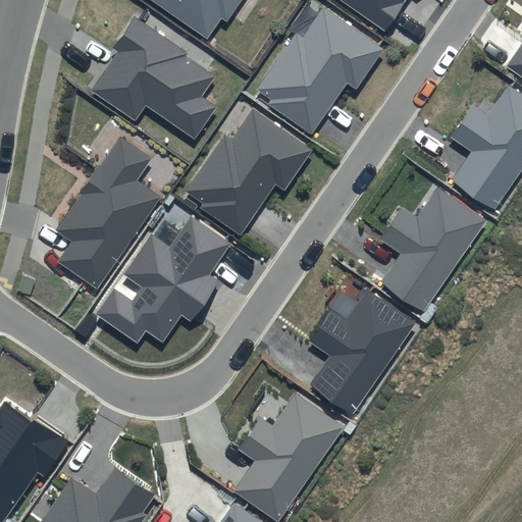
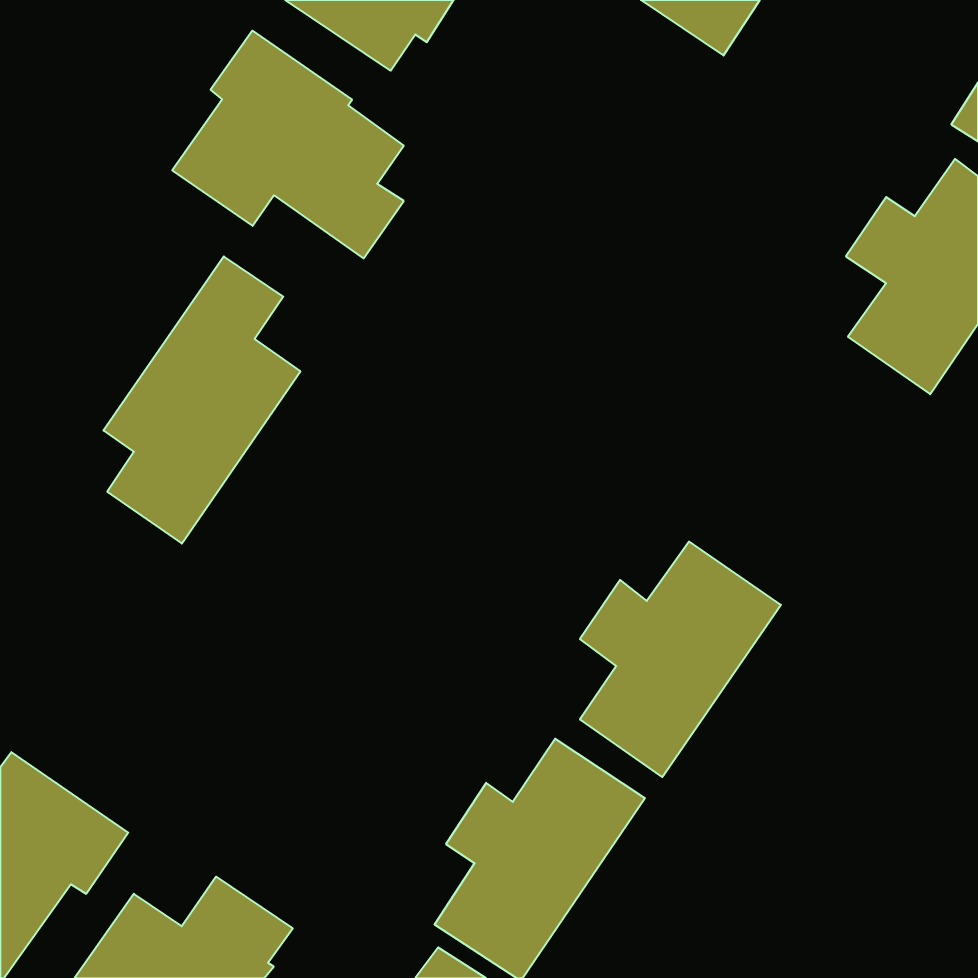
building: [258,7,383,133] -> none
building: [186,109,311,236] -> none
building: [379,188,484,311] -> none
building: [96,215,232,342] -> none

